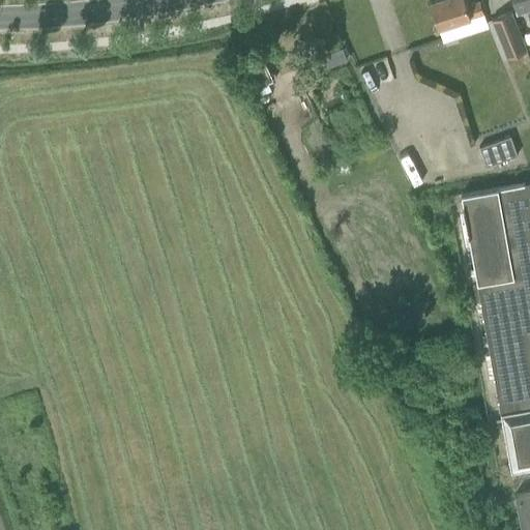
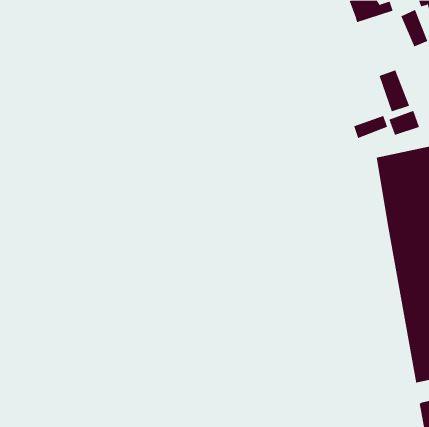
building: none -> [379,69,410,112]
building: none -> [353,115,388,139]

